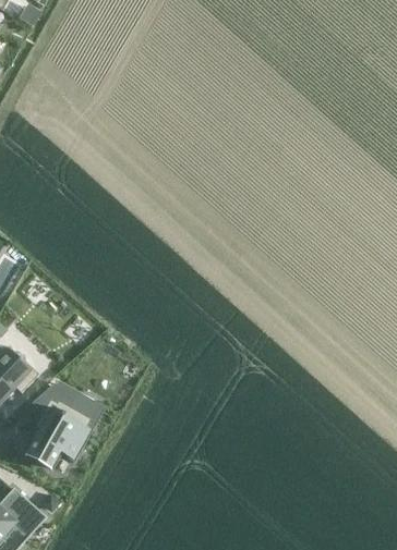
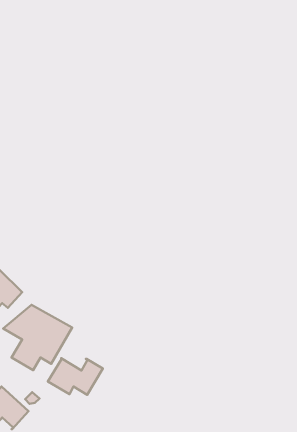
building: none -> [48,358,103,395]

